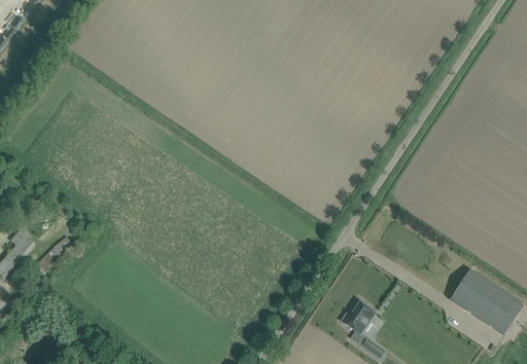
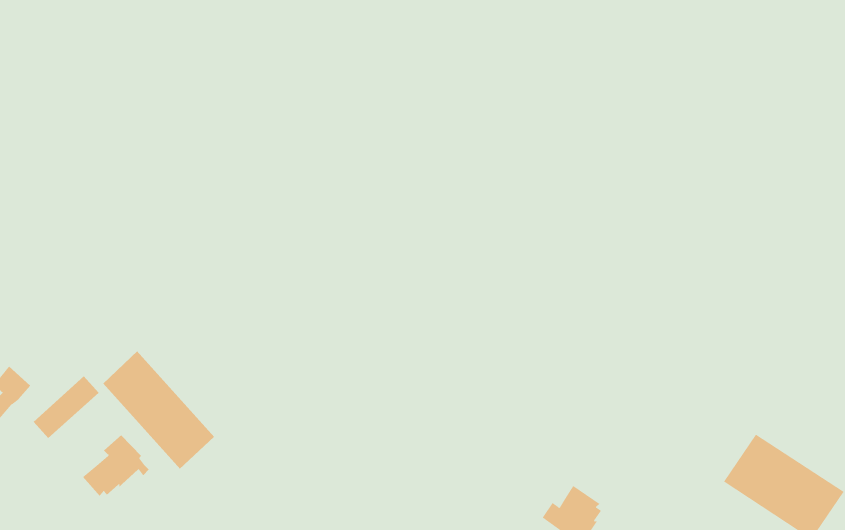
building: none -> [102,351,215,470]
building: none -> [82,434,149,496]

